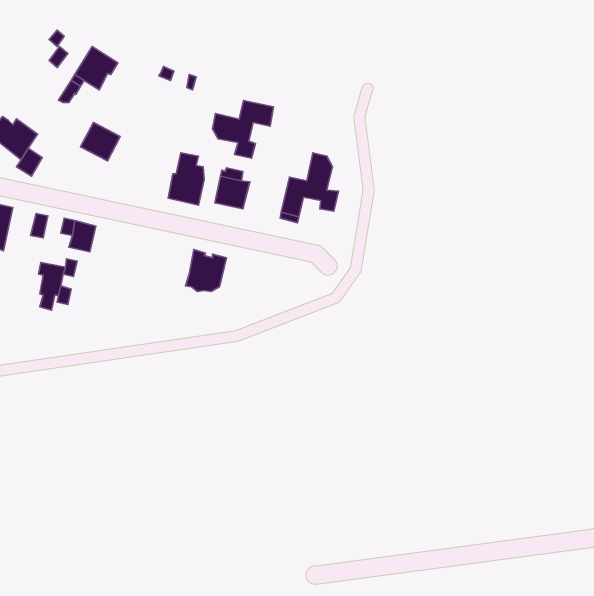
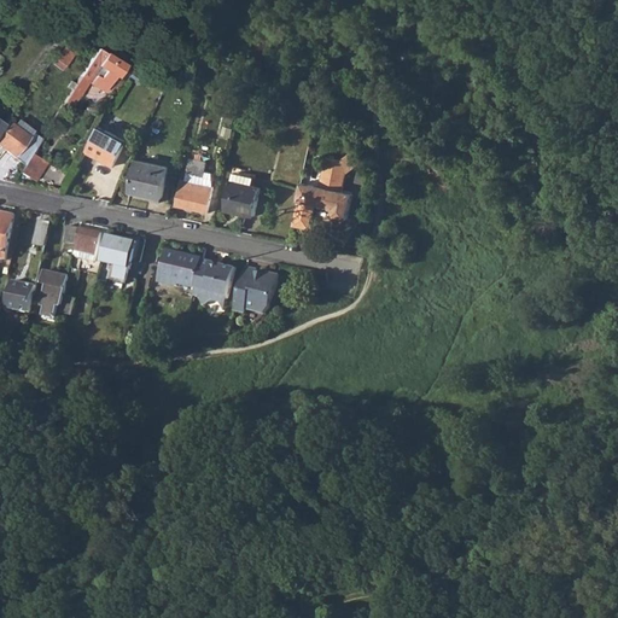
building: [212,101,274,158] -> none
building: none -> [127,161,165,199]
building: none -> [100,235,134,281]
building: none -> [159,251,200,286]
building: none -> [233,264,276,313]
building: none -> [5,280,35,313]

